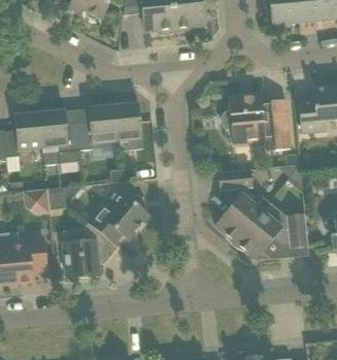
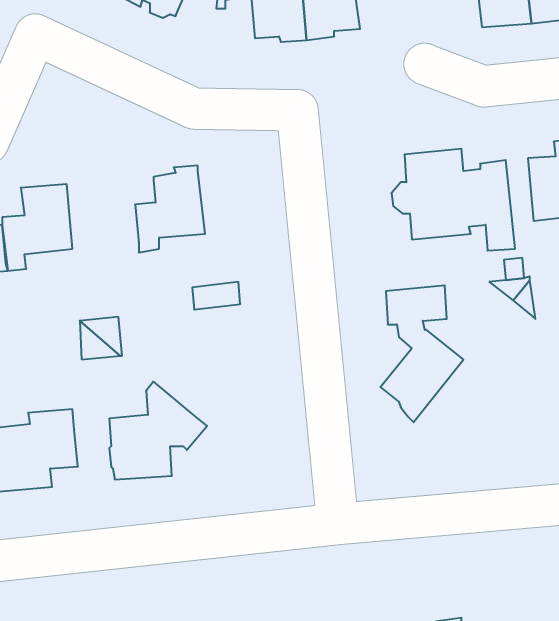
building: [113,101,143,150] -> none
building: [39,108,80,164] -> none
building: [23,189,49,215] -> none
building: [89,193,148,243] -> none
building: [234,210,308,260] -> none

